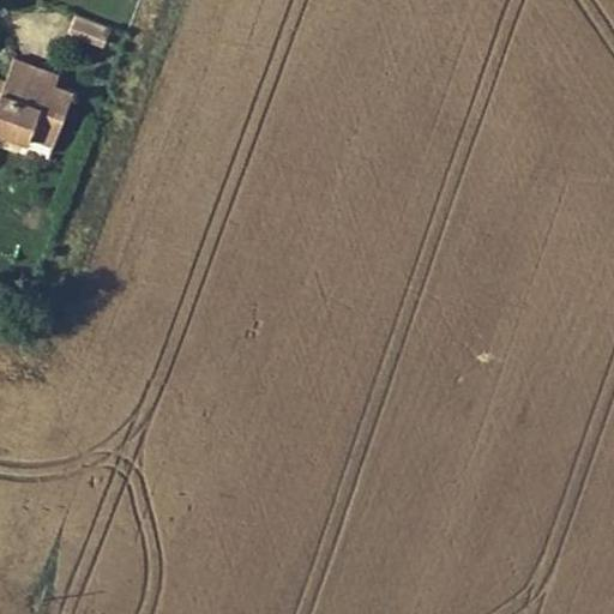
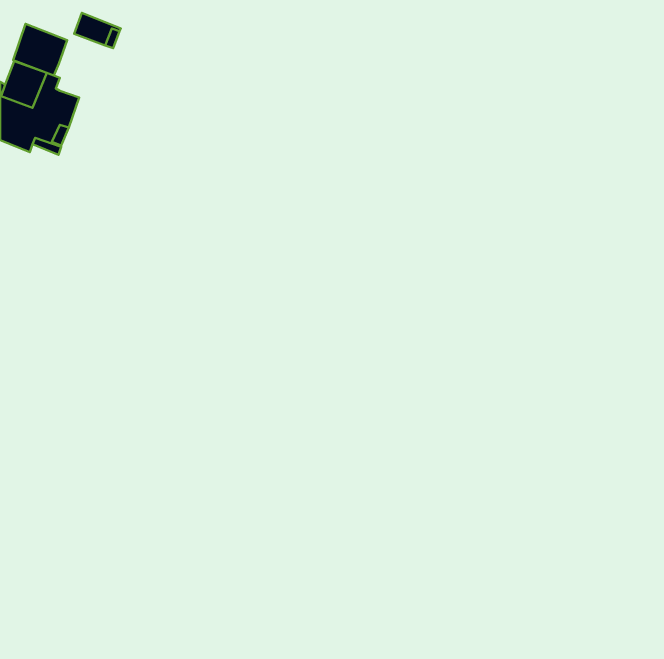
building: none -> [13,24,67,75]

